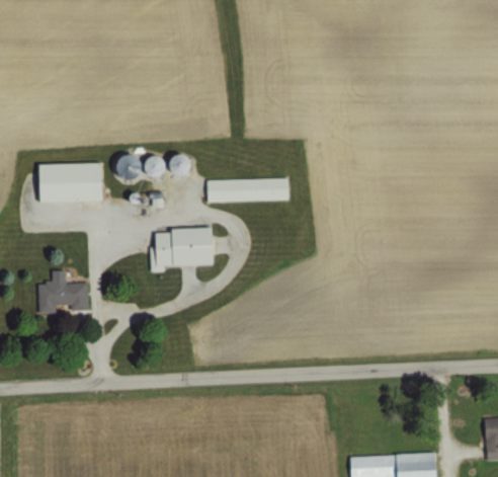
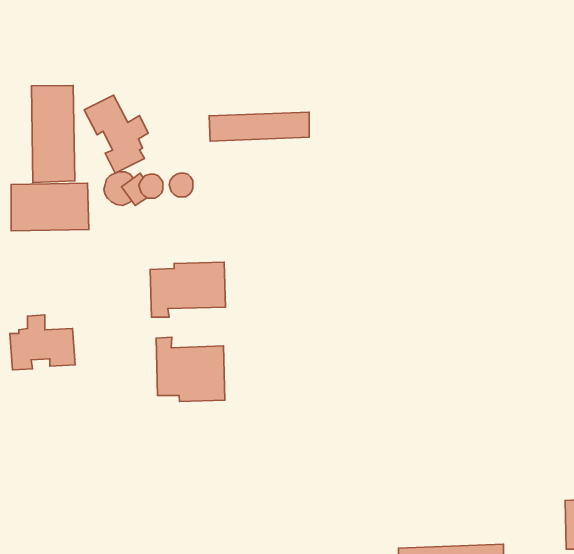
building: none -> [31,86,75,183]
building: none -> [84,95,148,173]
building: [208,178,288,202] -> [209,112,309,141]
building: none -> [156,337,225,401]

